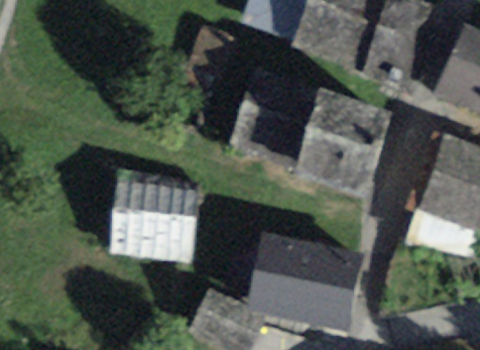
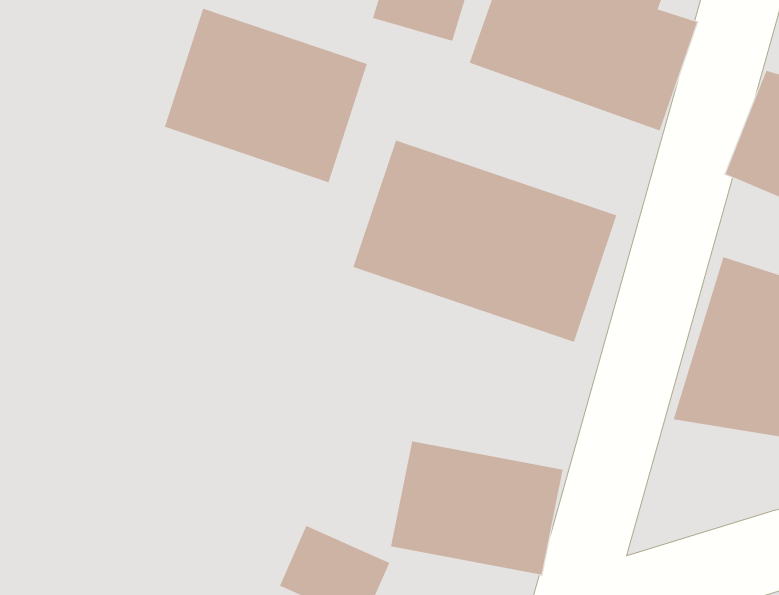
building: none -> [164,8,367,183]
building: [119,184,191,250] -> none

